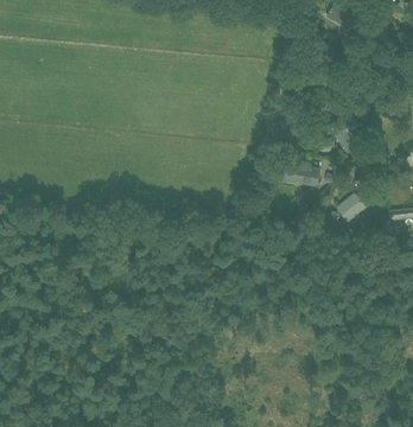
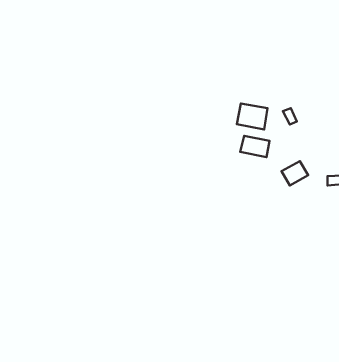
building: none -> [237,103,267,129]

